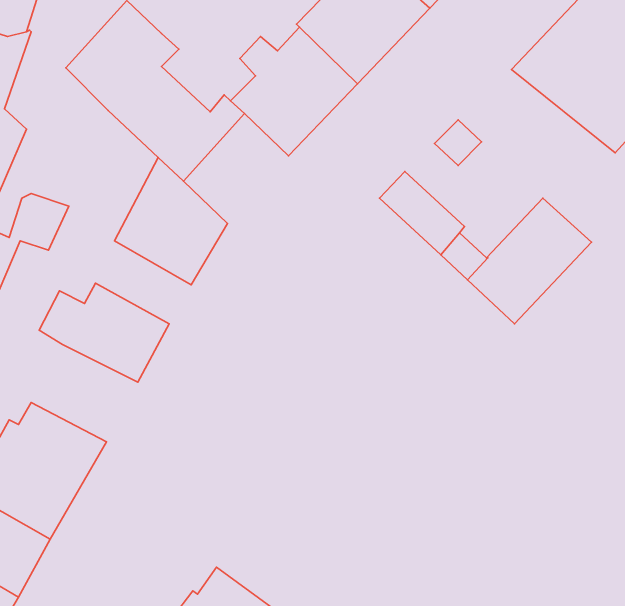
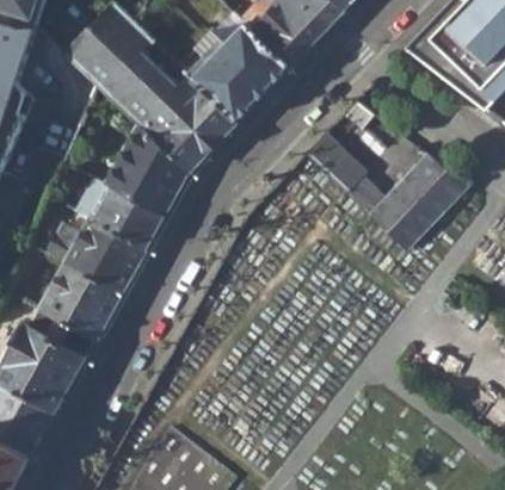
building: none -> [156,87,236,170]
building: none -> [76,178,162,247]
building: none -> [41,262,122,336]

